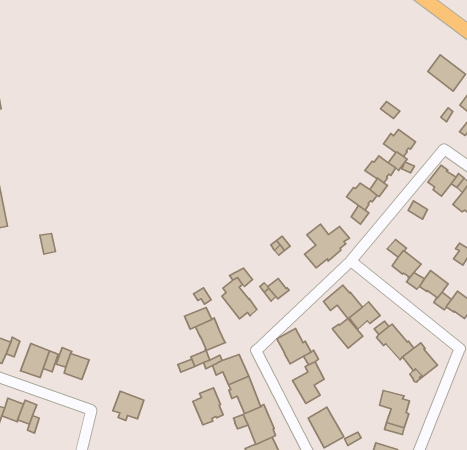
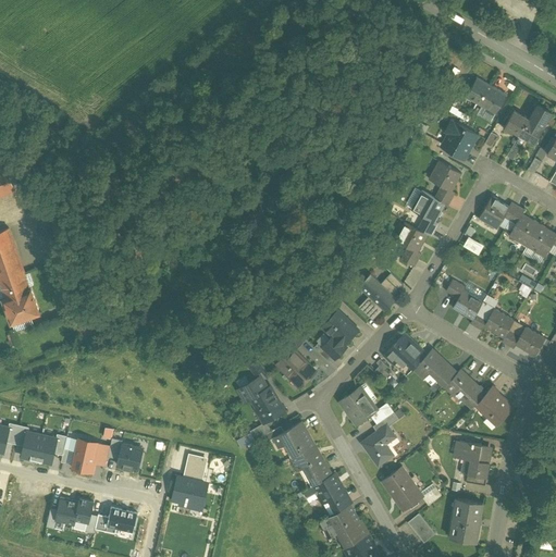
building: none -> [440,121,477,160]
building: none -> [322,311,357,346]
building: [333,319,363,348] -> none
building: none -> [183,453,207,479]
building: [193,388,223,425] -> none
building: none -> [106,506,136,532]

